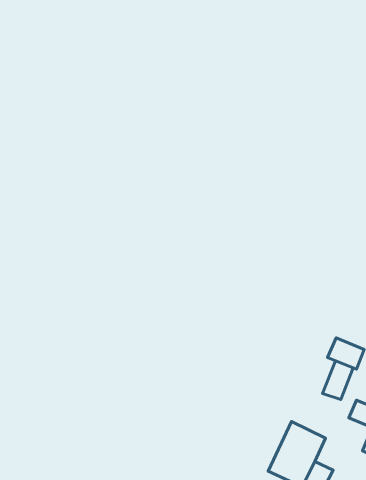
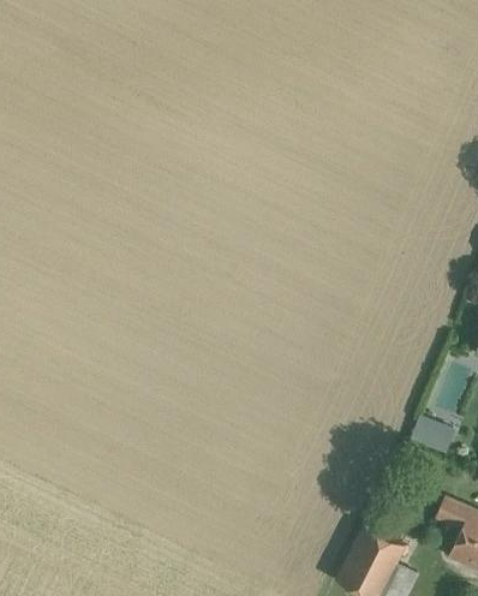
building: [322,361,353,400] -> none

